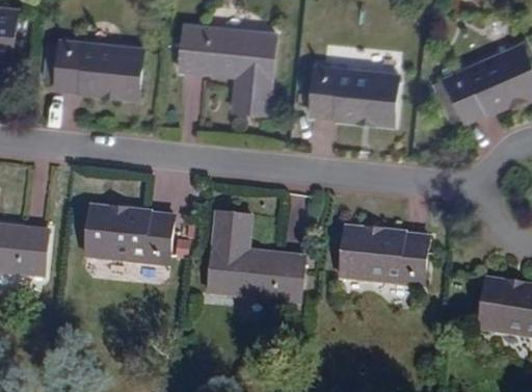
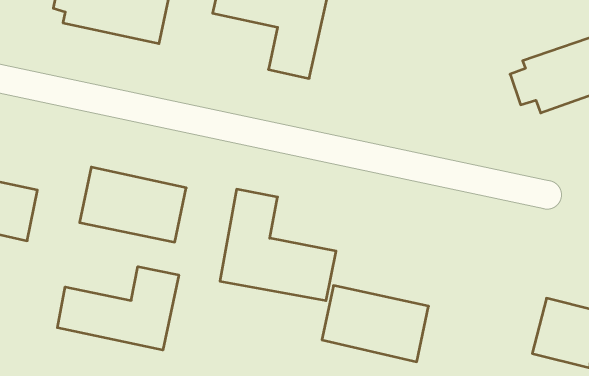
building: [311,64,398,122] -> none
building: [340,227,427,284] -> [322,286,429,362]
building: none -> [57,267,179,350]

